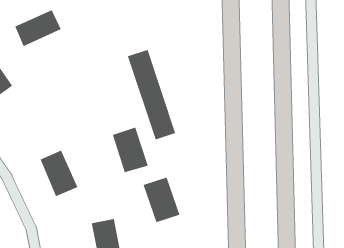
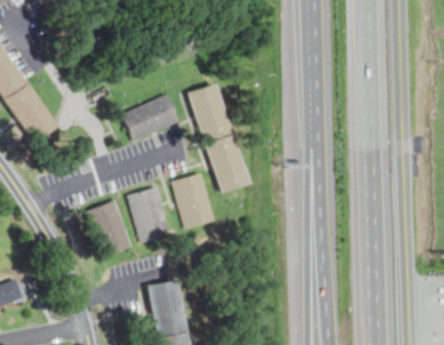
building: [14,9,62,47] -> [122,95,177,139]
building: [143,176,180,223] -> [126,186,170,241]

